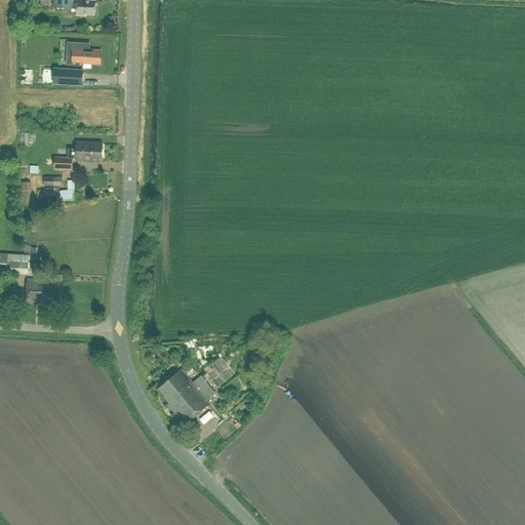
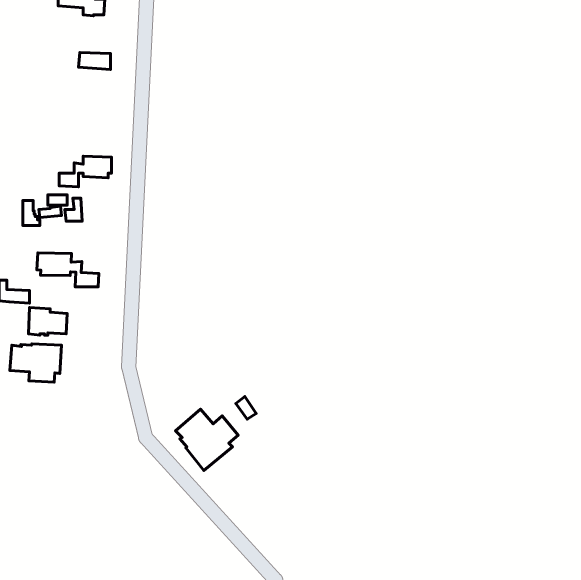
building: [52,68,82,84] -> none
building: none -> [37,253,99,287]
building: none -> [10,344,61,382]

